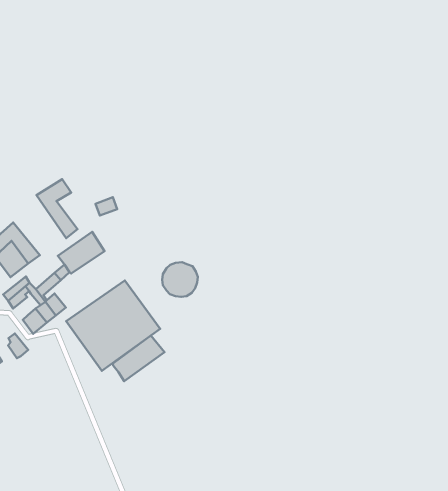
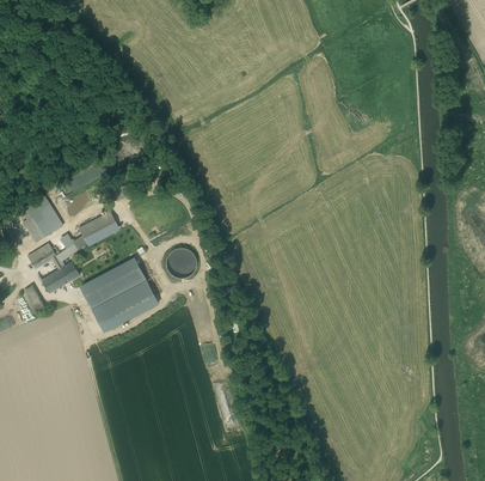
building: [36,179,78,238] -> none
building: [113,335,164,381] -> none

